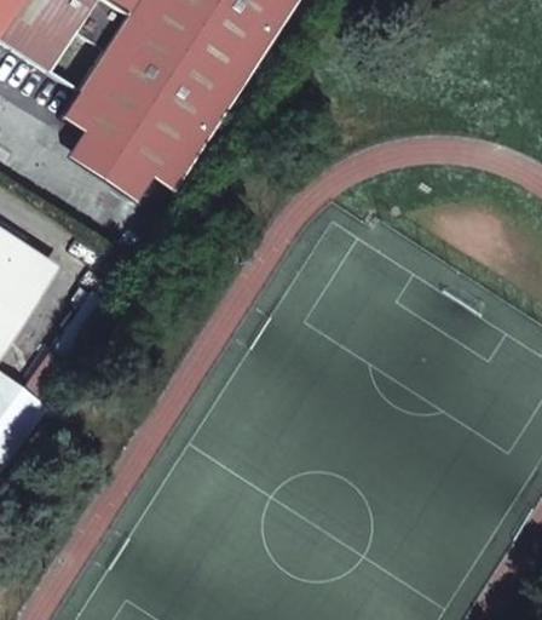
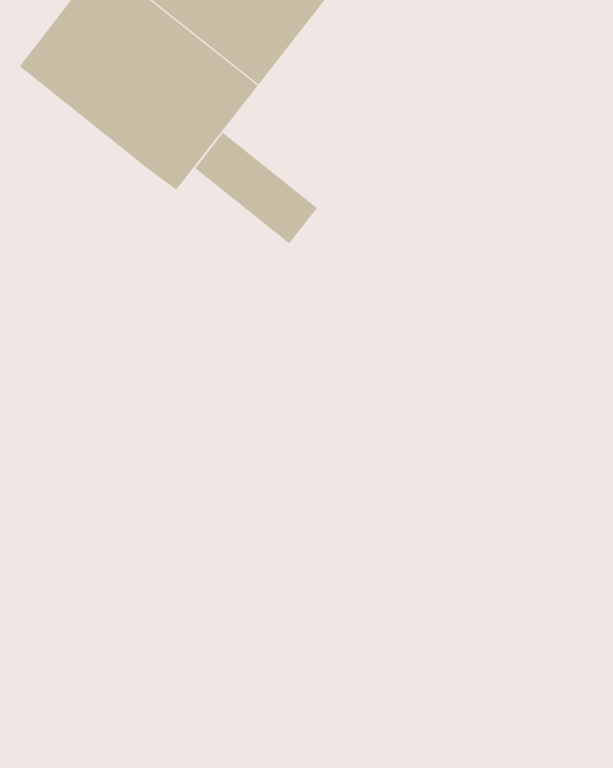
building: [67,131,154,203] -> [194,132,318,244]

